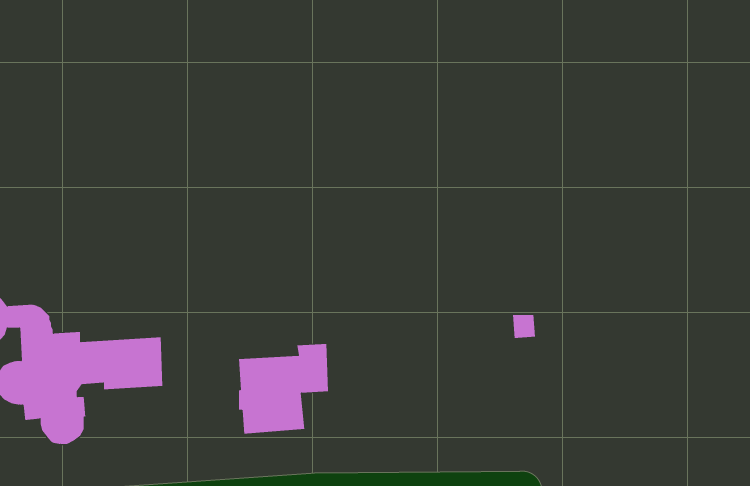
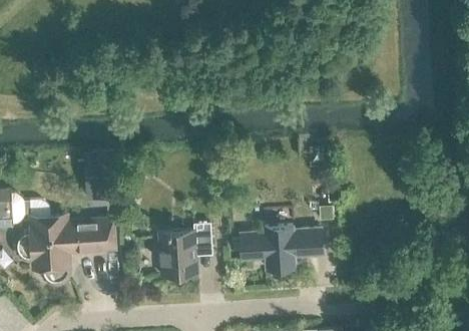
building: none -> [250,225,319,269]

